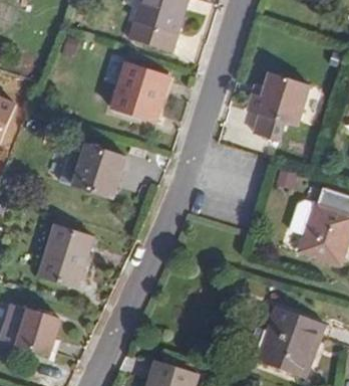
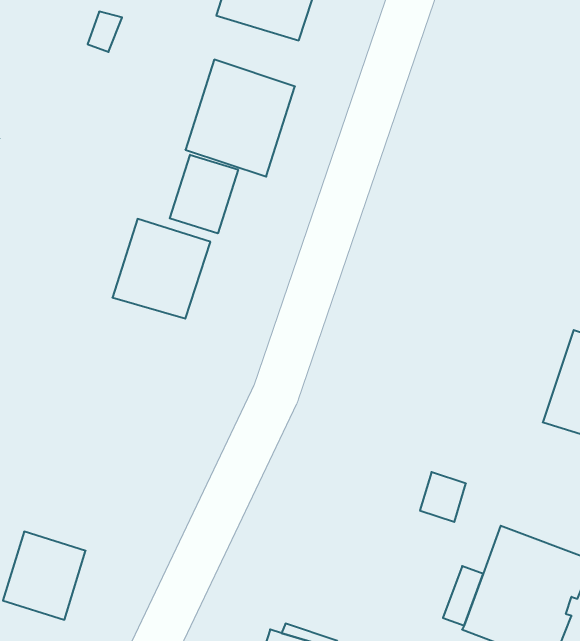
building: [248,72,309,141] -> none
building: none -> [170,155,238,233]
building: [39,224,93,288] -> none

